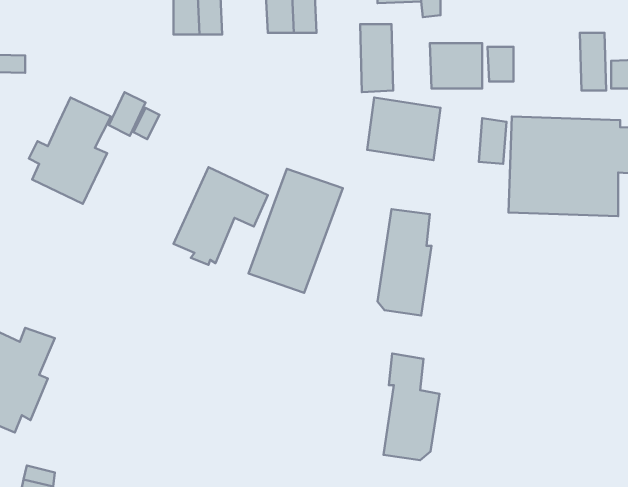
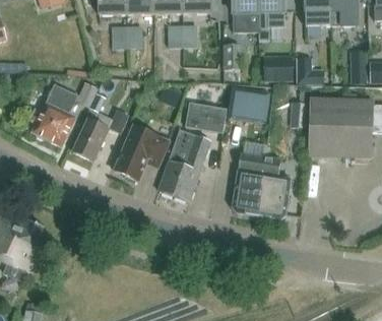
building: none -> [186,101,227,131]
building: none -> [72,110,129,163]
building: [384,354,439,460] -> [258,154,291,216]

